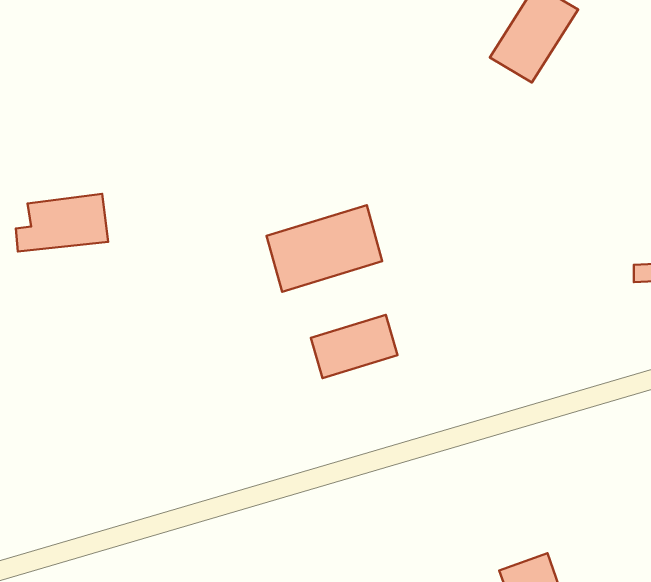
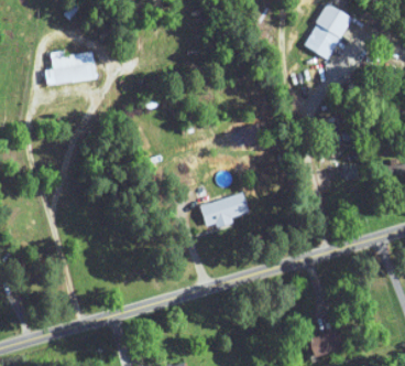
building: [16,194,108,251] -> [44,52,97,85]
building: [267,205,382,292] -> none

